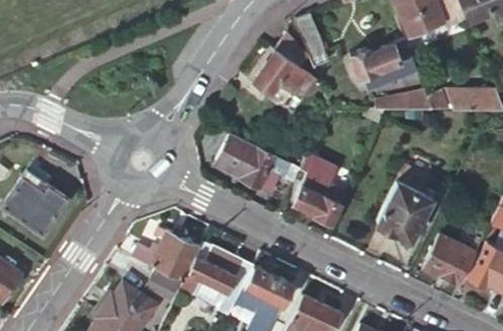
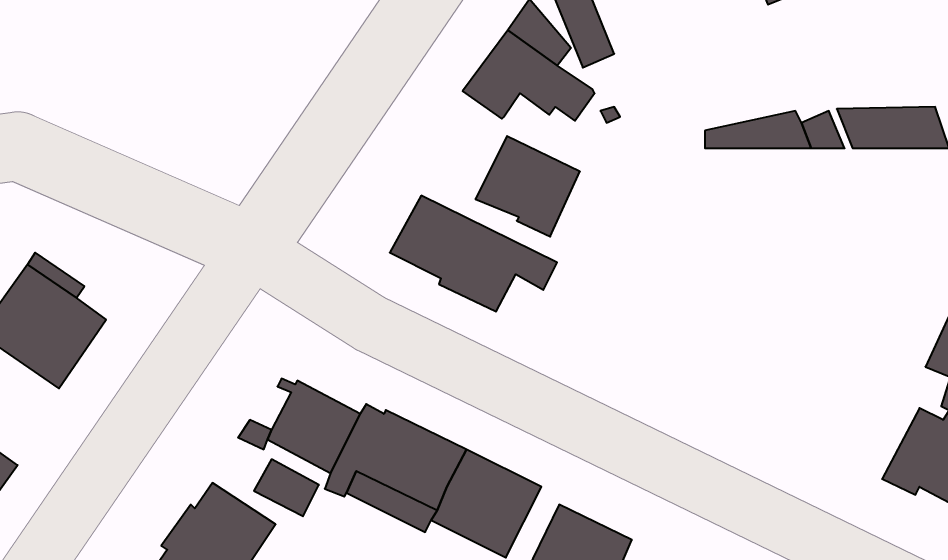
building: [351,39,411,90] -> none
building: [375,170,434,240] -> none
building: [292,173,345,224] -> [475,136,580,237]
building: [423,219,489,286] -> none

